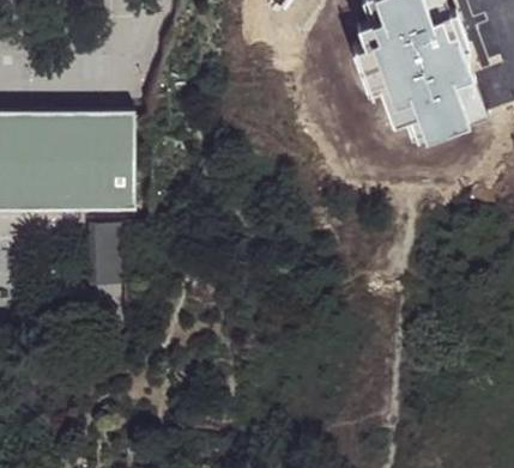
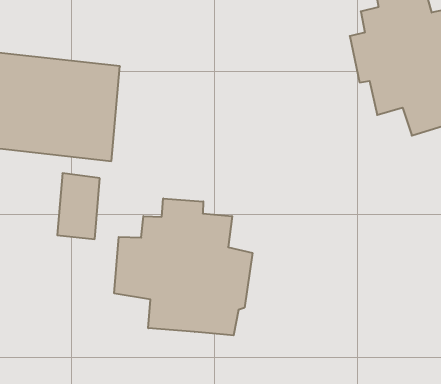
building: none -> [114,198,252,335]

